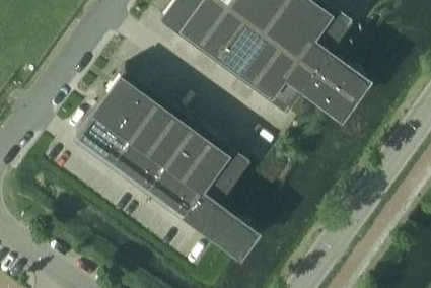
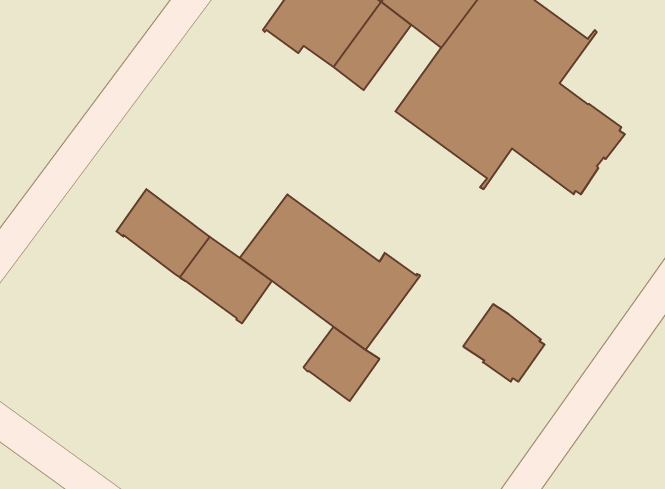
building: [218,20,263,70] -> none
building: [93,73,174,154] -> none
building: [148,167,201,217] -> none
building: [210,212,257,257] -> [463,304,545,382]

